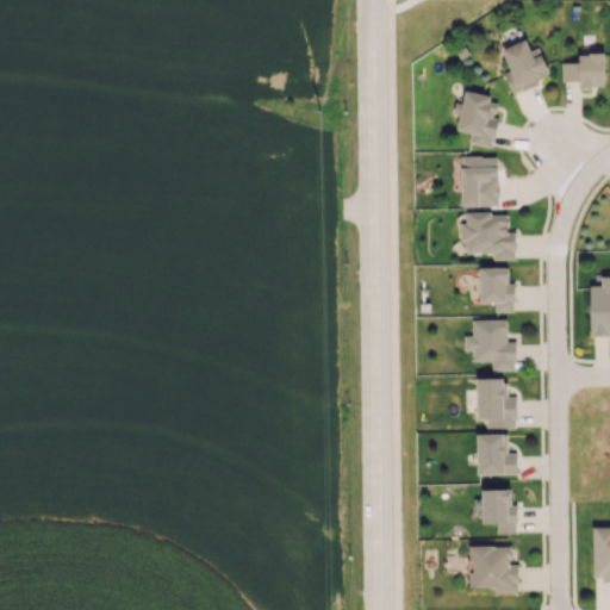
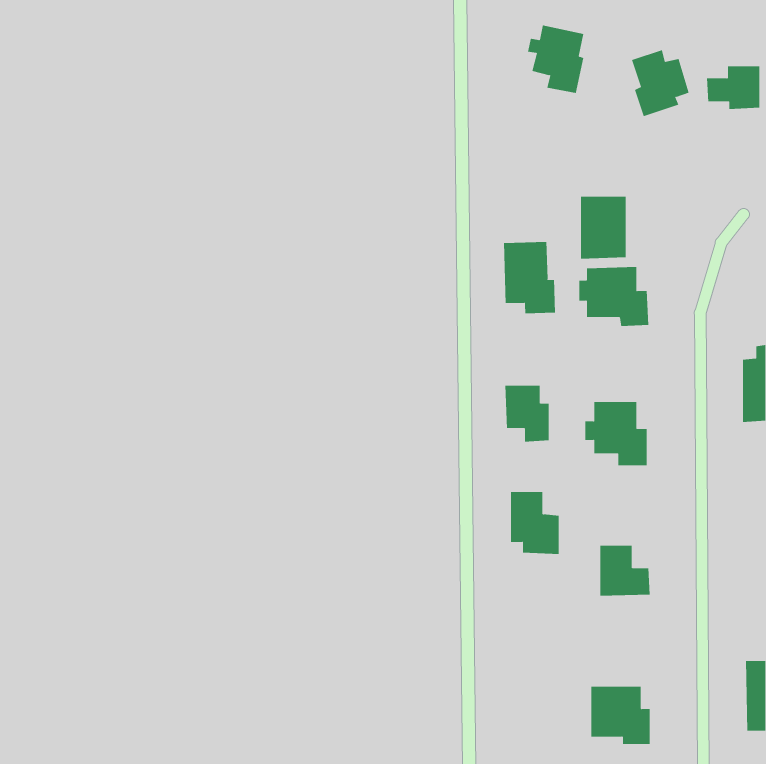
building: [453,93,498,148] -> [527,25,584,94]
building: none -> [503,241,556,314]
building: [479,268,515,313] -> [505,385,550,442]
building: [477,379,516,429] -> [510,491,560,554]
building: [481,490,517,534] -> none

